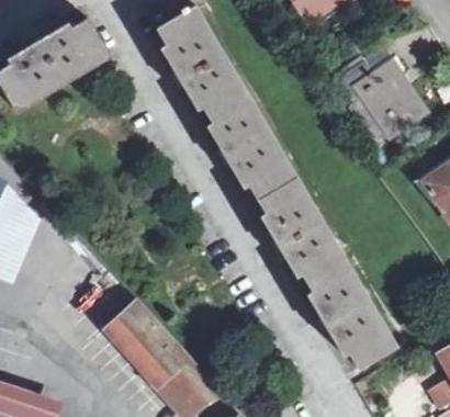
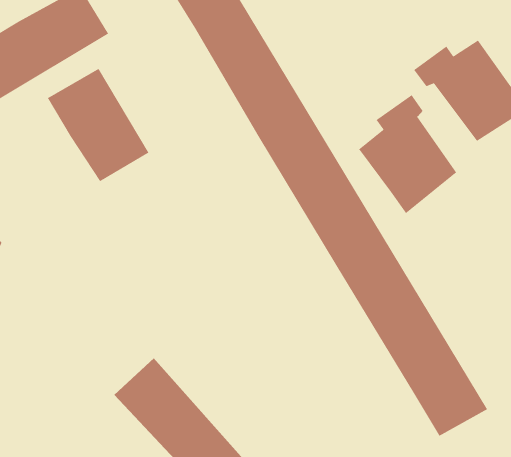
building: none -> [47,68,150,182]
building: none -> [358,94,457,214]

